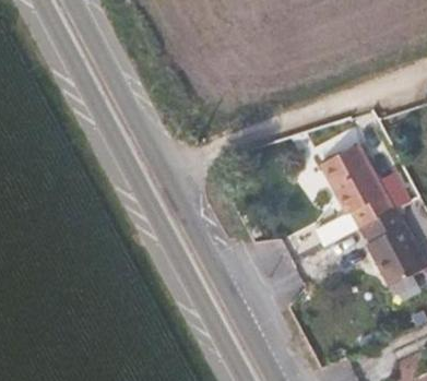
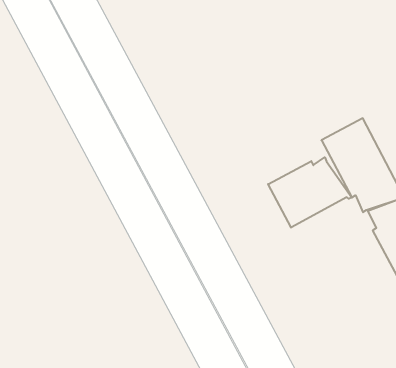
building: none -> [268,157,352,228]

